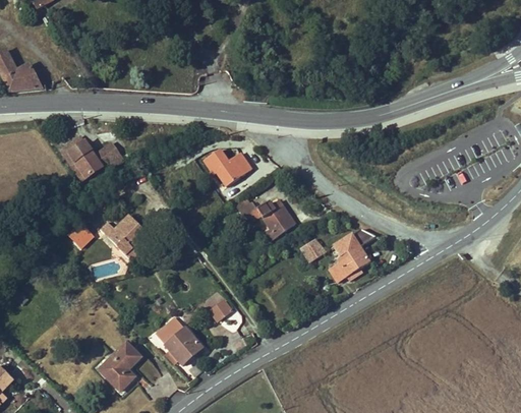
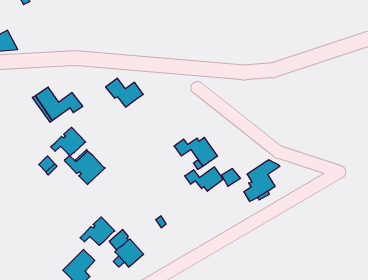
building: [204,149,251,185] -> [106,78,143,107]
building: none -> [51,127,86,156]
building: none -> [185,167,223,191]
building: none -> [80,217,115,245]

